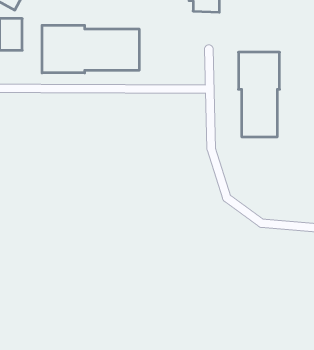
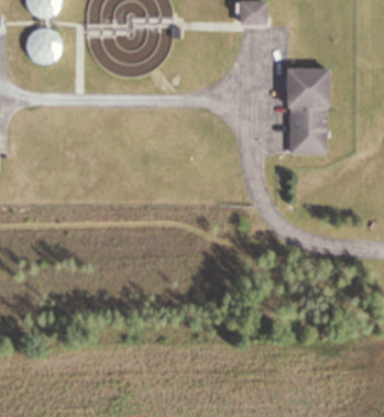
building: [42,25,139,73] -> none

